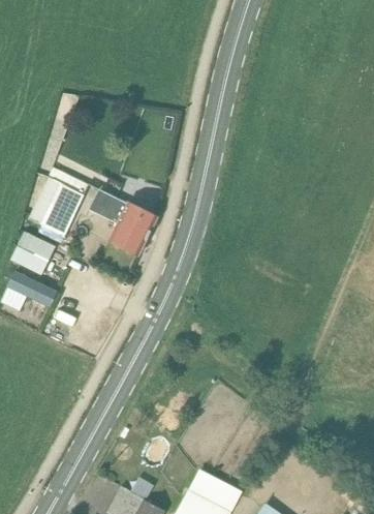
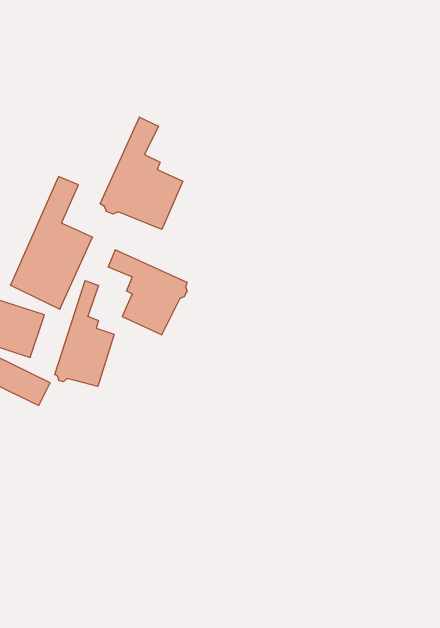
building: none -> [100,117,183,229]
building: none -> [55,281,114,386]

